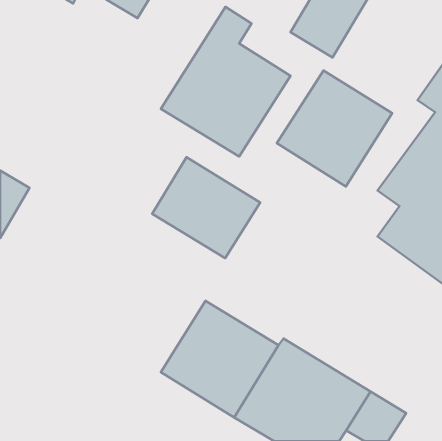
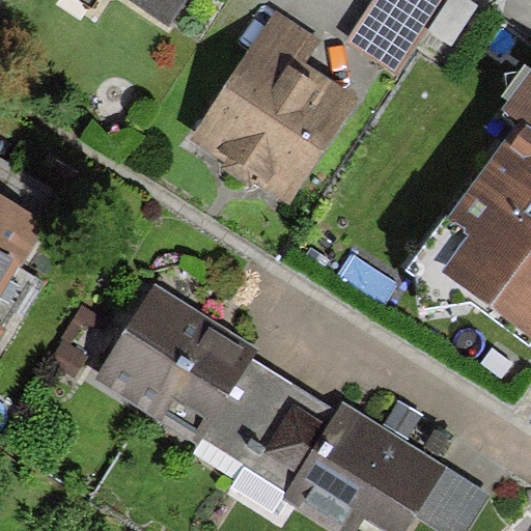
building: [277,70,392,187] -> none
building: [152,157,260,258] -> none
building: none -> [99,288,255,444]

